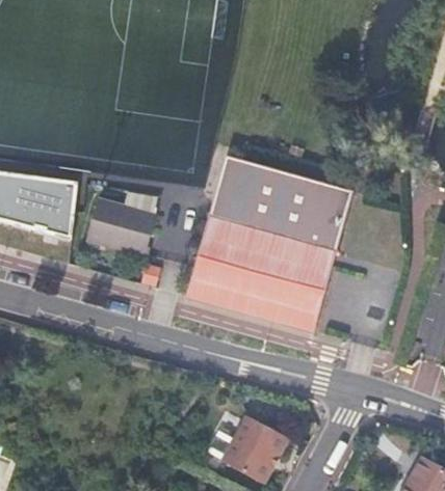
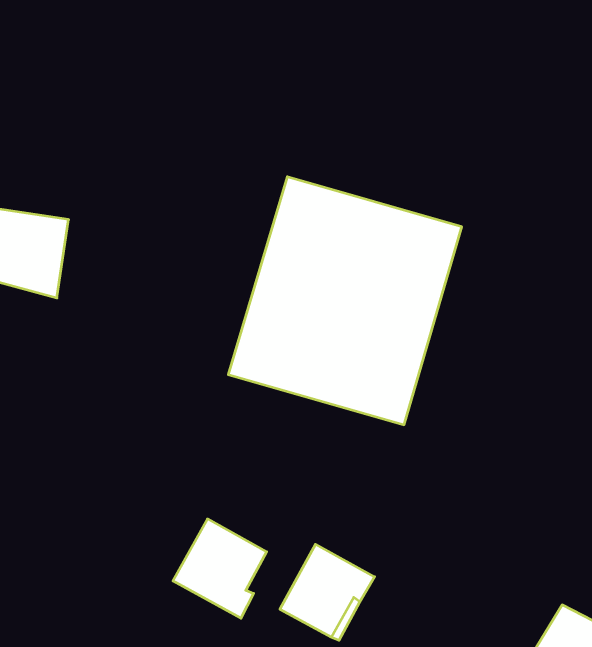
building: [84,194,156,253] -> none
building: none -> [173,519,267,618]

